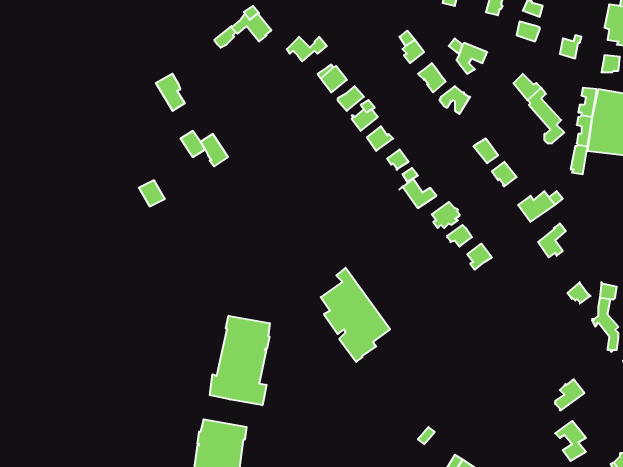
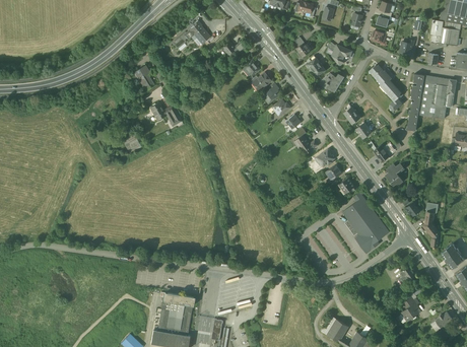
building: [321,268,390,362] -> [343,192,389,254]
building: [210,316,270,405] -> none

